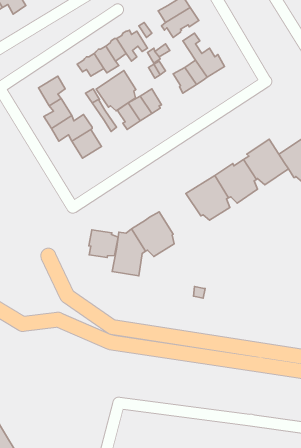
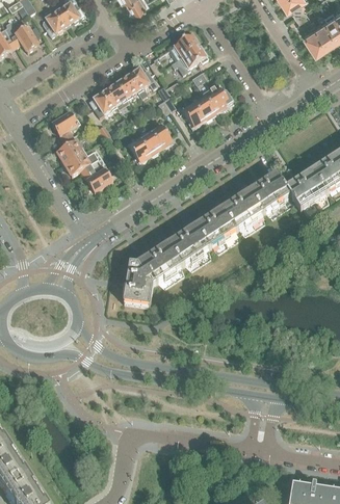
building: [96,71,136,111] -> none
building: none -> [167,223,209,267]
building: [89,230,118,258] -> none

